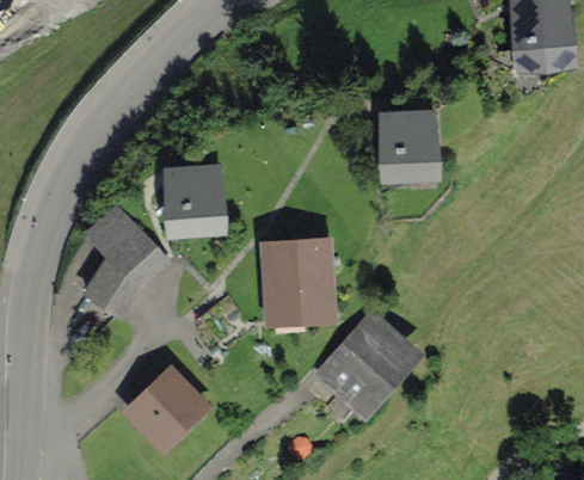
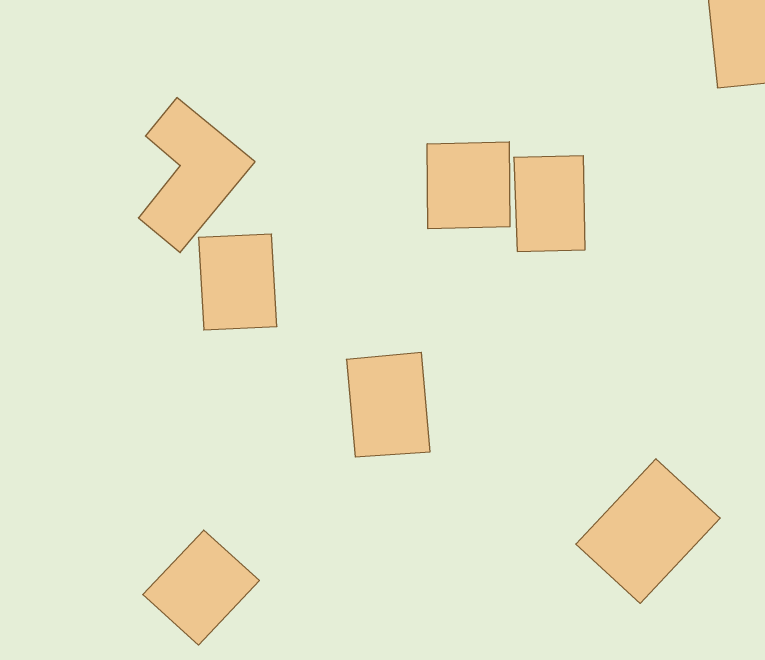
building: none -> [427,142,510,229]
building: [91,210,171,316] -> [138,98,255,253]
building: [314,314,413,413] -> [576,459,720,603]

